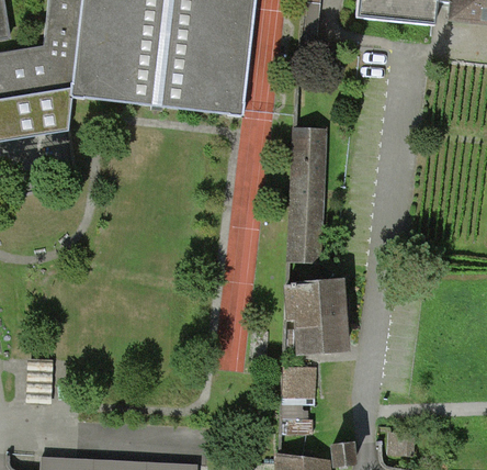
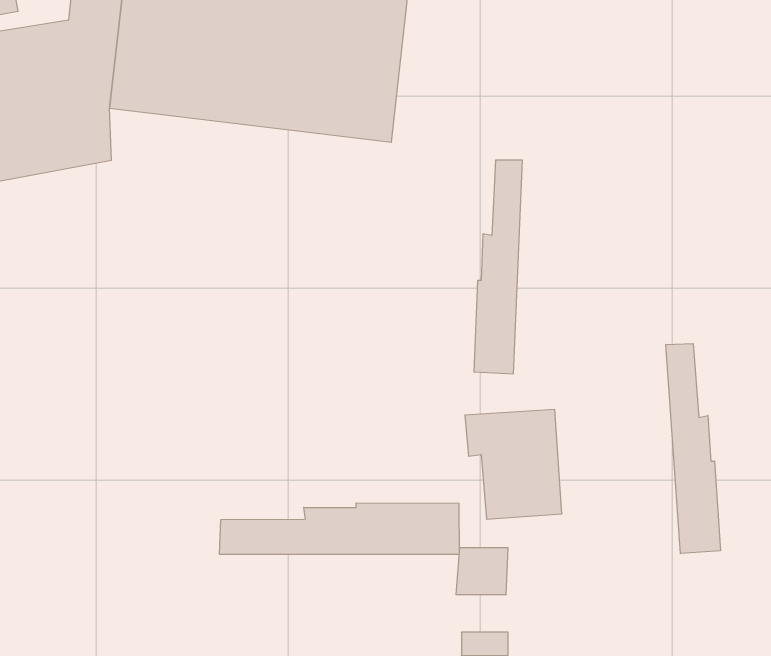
building: none -> [666,344,720,554]
building: none -> [220,503,459,554]

